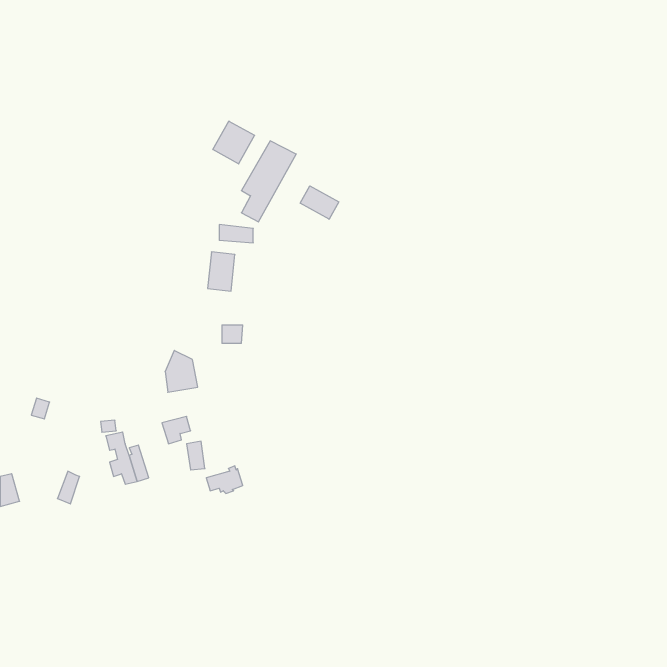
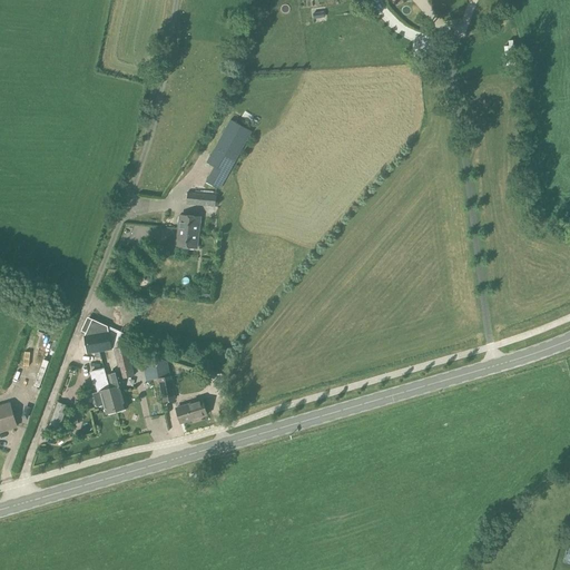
building: [213,121,255,164] -> none
building: [300,186,339,219] -> none
building: [165,350,198,392] -> [85,318,112,354]

